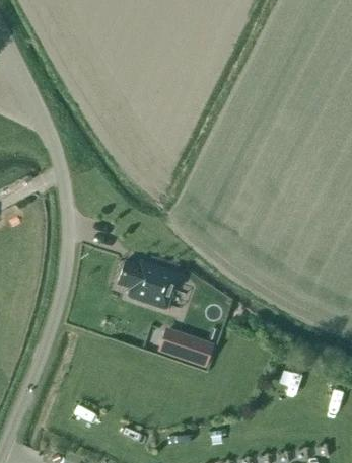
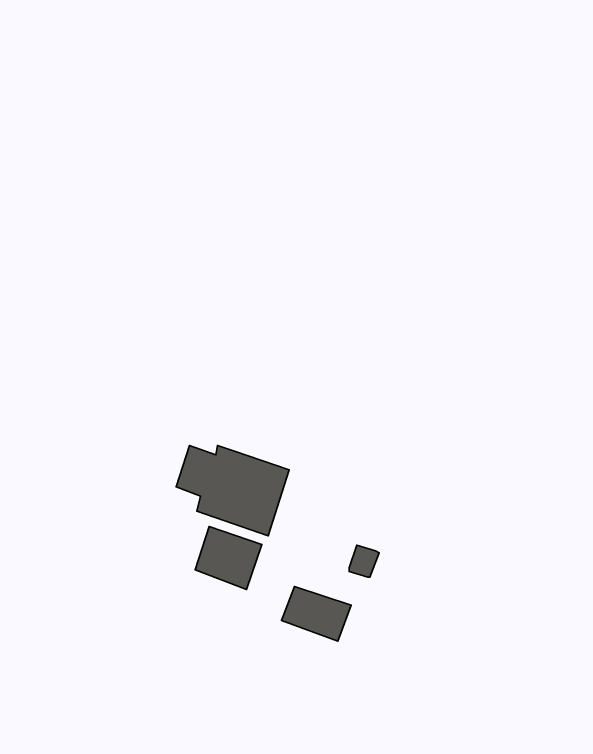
building: none -> [195,526,262,590]

